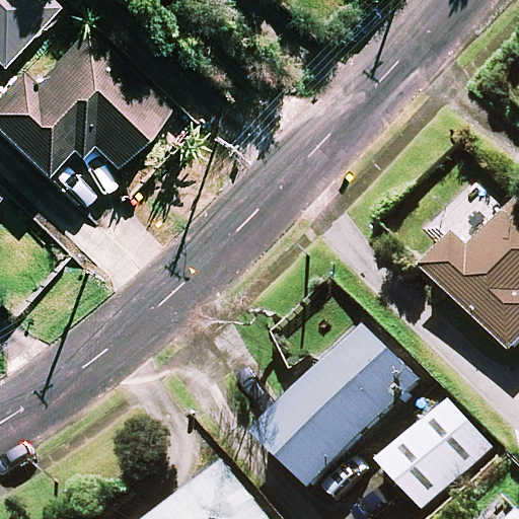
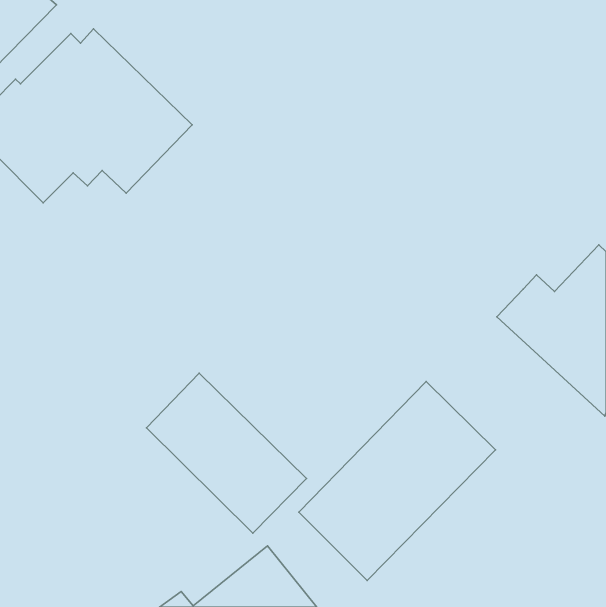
building: none -> [147,373,307,533]
building: [378,399,487,506] -> none

